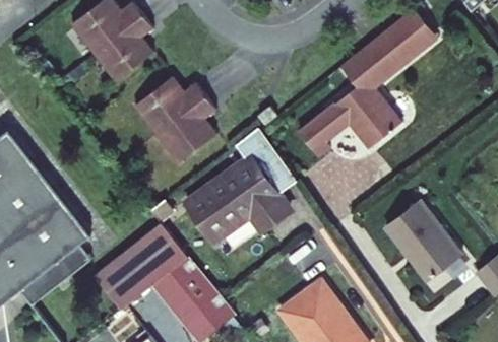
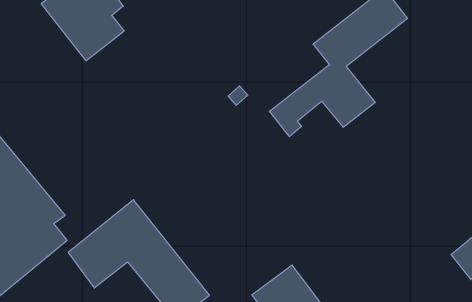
building: [135,77,217,164] -> none
building: [189,131,296,246] -> none
building: [383,202,459,281] -> none

